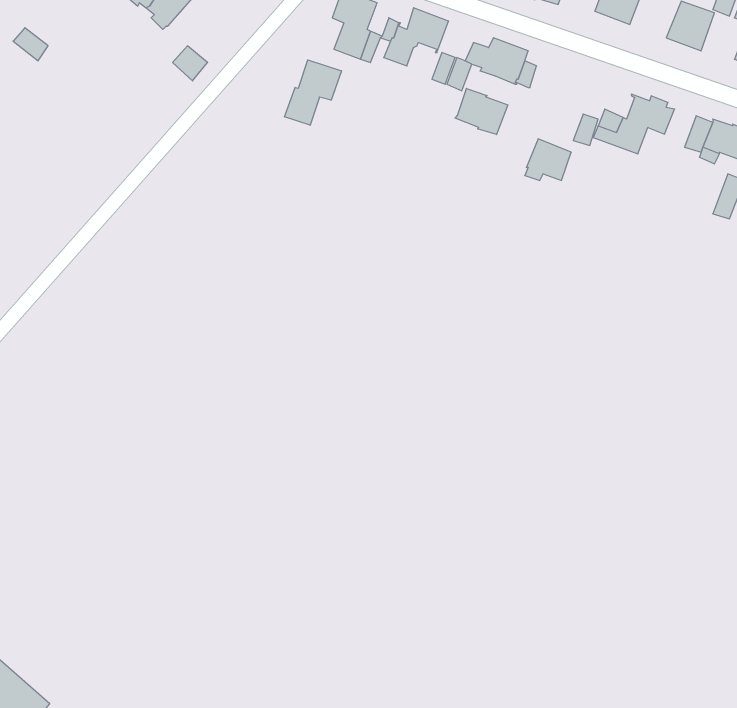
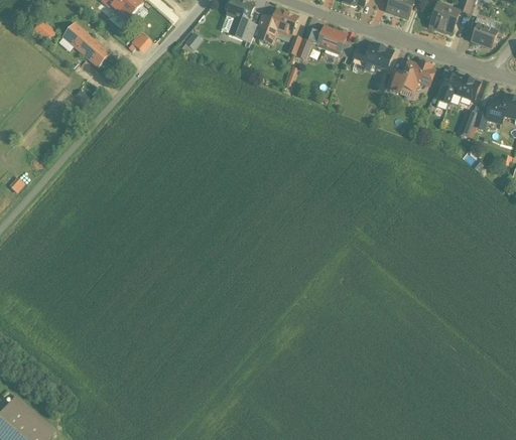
building: none -> [62,21,109,65]
building: [285,60,341,125] -> none
building: [455,88,508,135] -> none
building: [525,139,571,180] -> [364,42,392,67]

